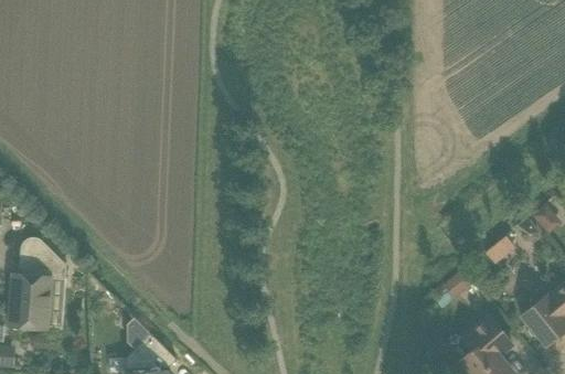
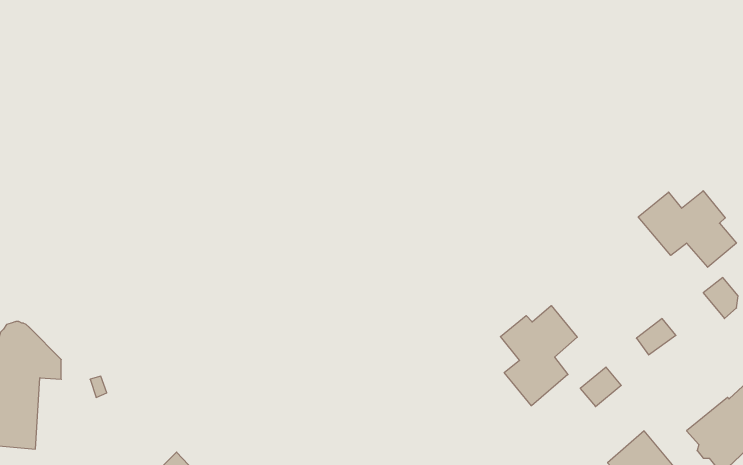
building: none -> [638,191,736,267]
building: none -> [500,306,577,406]

